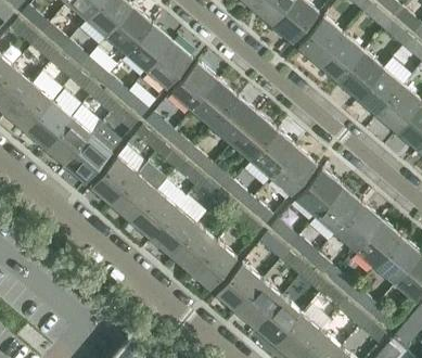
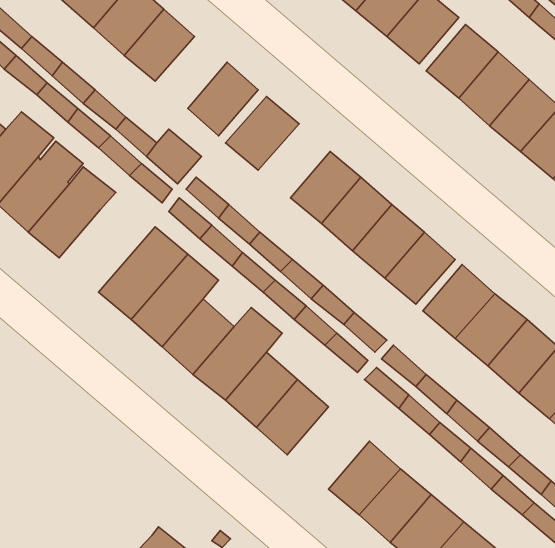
building: [127,25,172,71] -> none
building: [192,80,238,127] -> none
building: [66,135,112,182] -> none
building: [216,264,263,311] -> none

